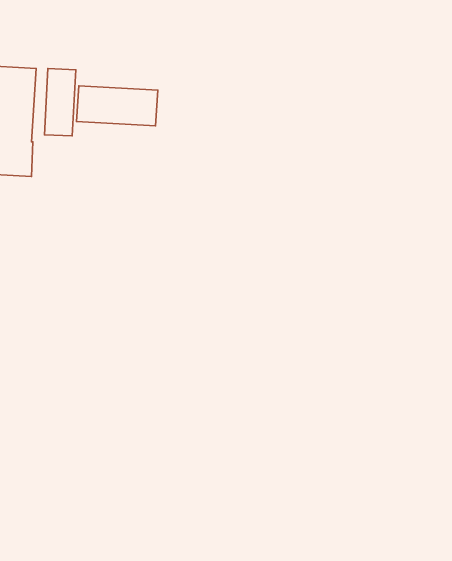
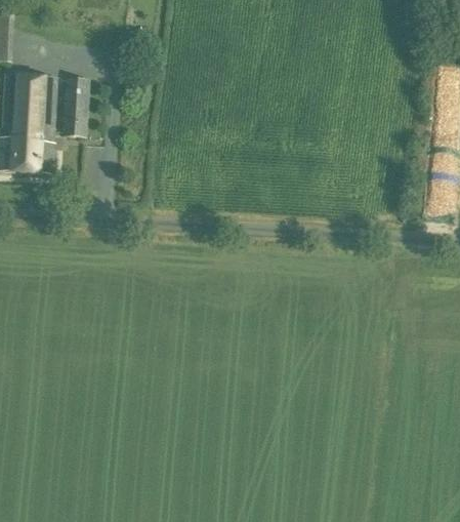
building: [77,86,158,126] -> none

